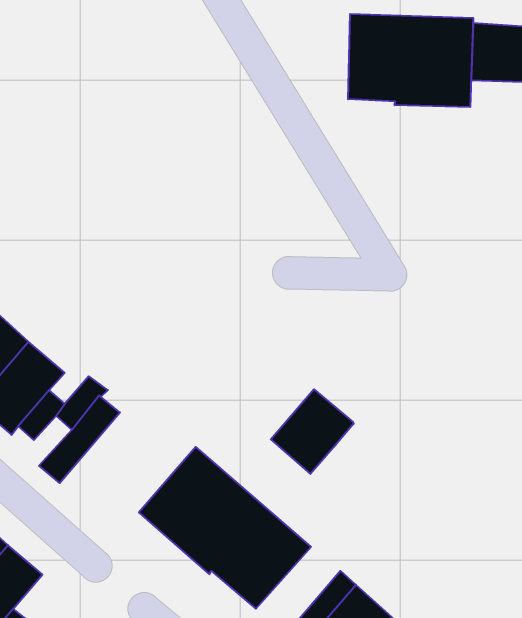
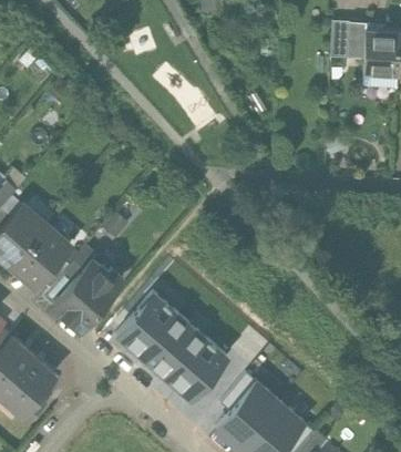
building: [348,14,473,107] -> none
building: [271,389,354,474] -> none
building: none -> [66,273,122,330]

